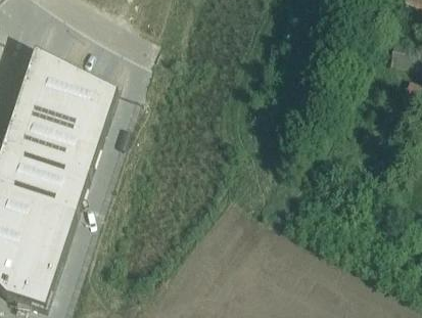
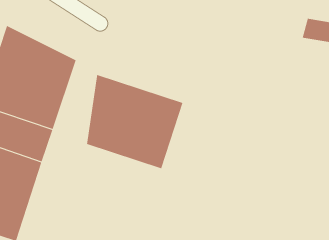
building: none -> [86,74,183,169]

